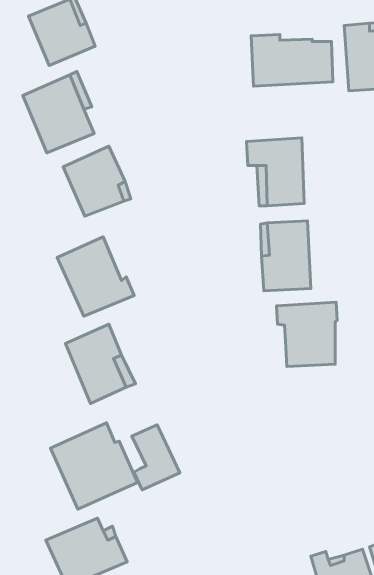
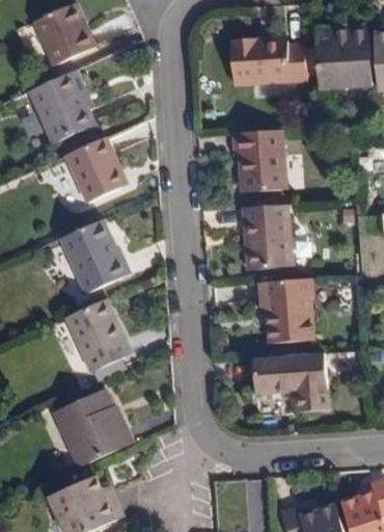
building: none -> [252,353,328,413]
building: [132,425,180,490] -> none

